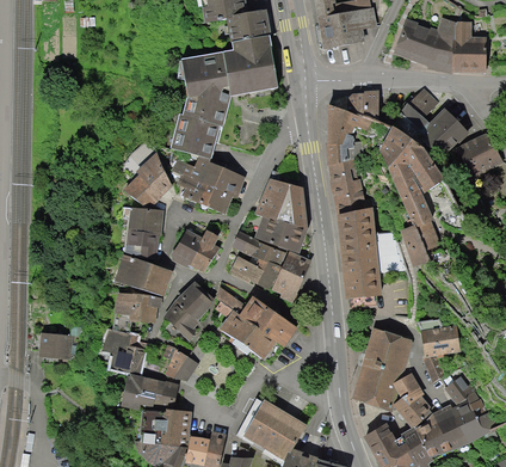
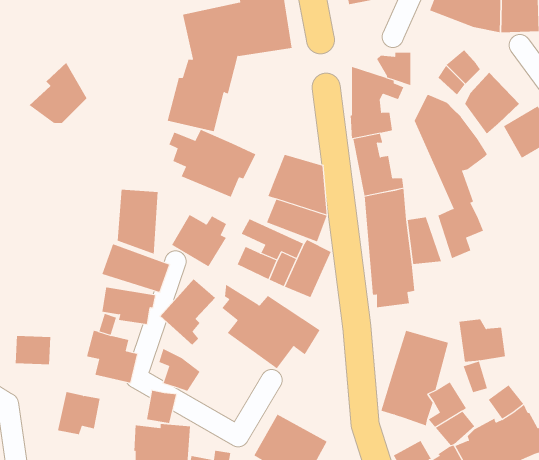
building: [122,153,172,205] -> [29,62,87,123]
building: [119,373,156,410] -> [57,391,101,435]

